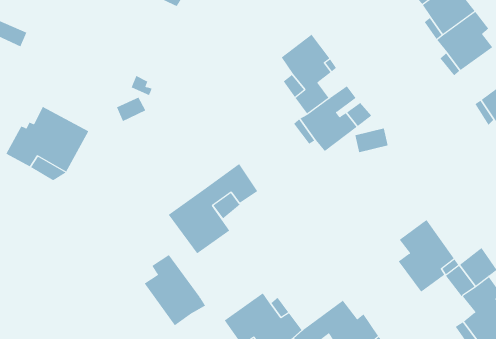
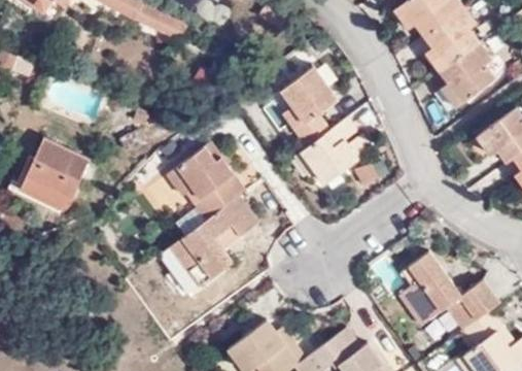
building: none -> [169,142,246,220]
building: [144,254,206,326] -> none

